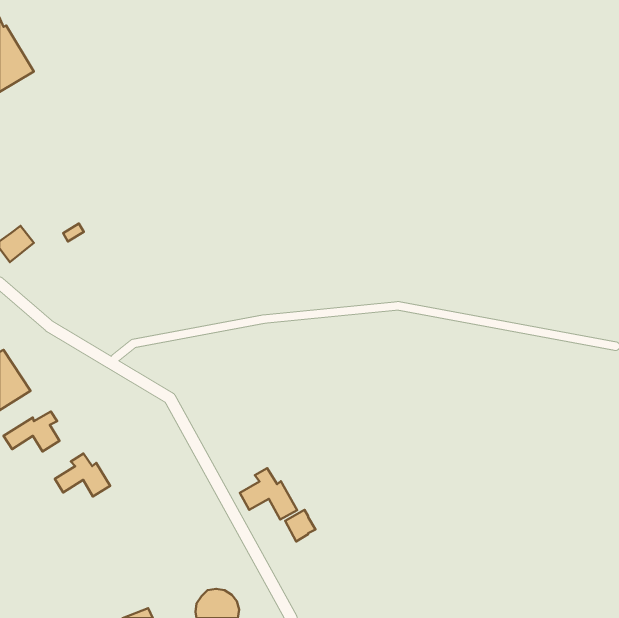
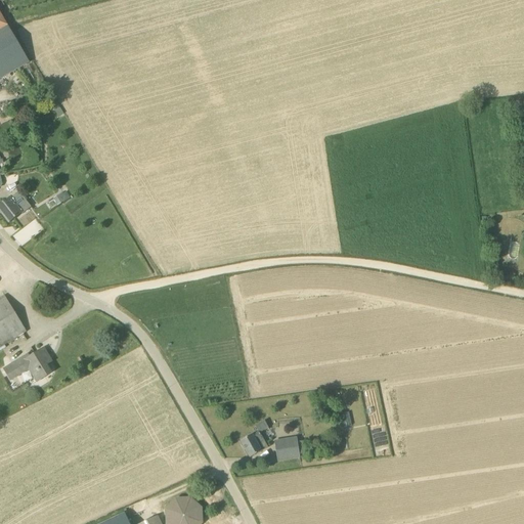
building: [55,454,110,496] -> none
building: [240,468,297,520] -> none
building: none -> [274,440,299,460]

